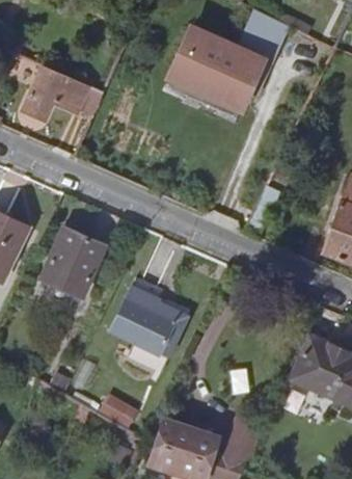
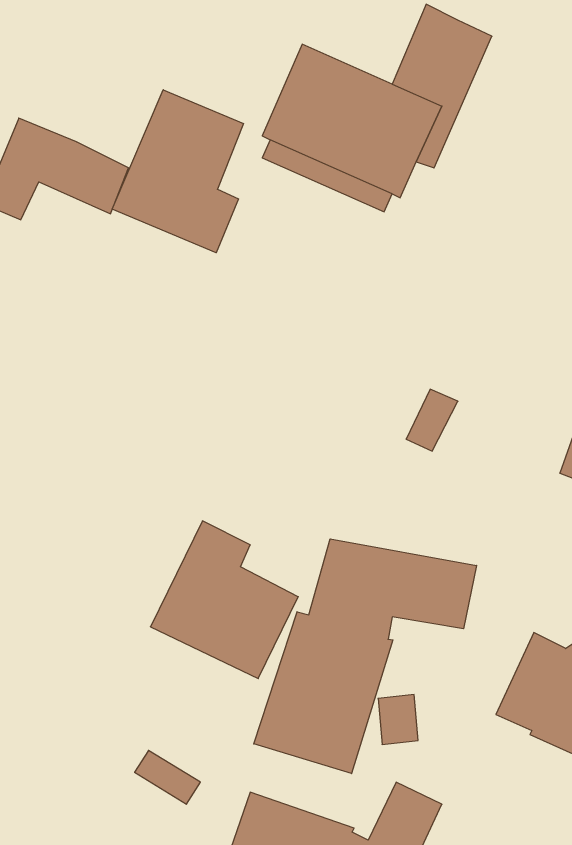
building: none -> [112,90,244,253]
building: [38,227,104,297] -> none
building: none -> [254,539,477,774]

